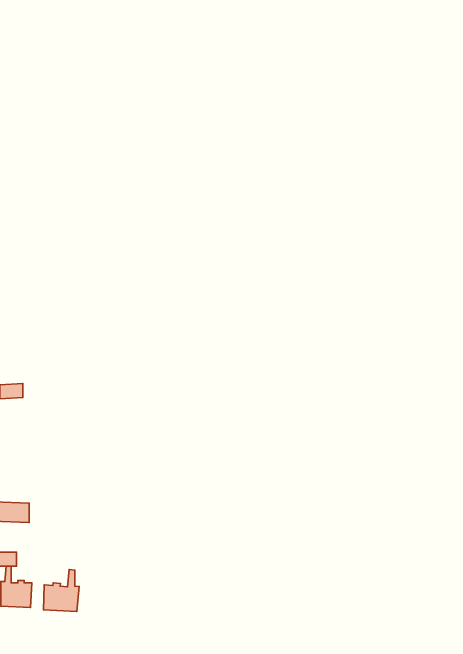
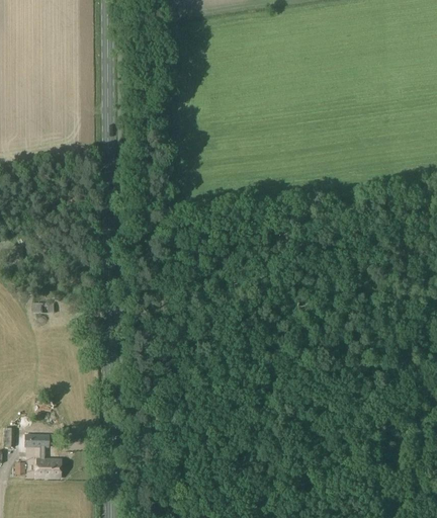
building: [43,570,79,611] -> none

